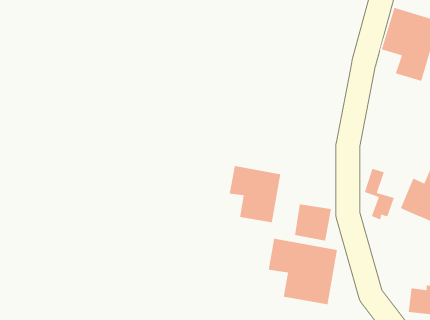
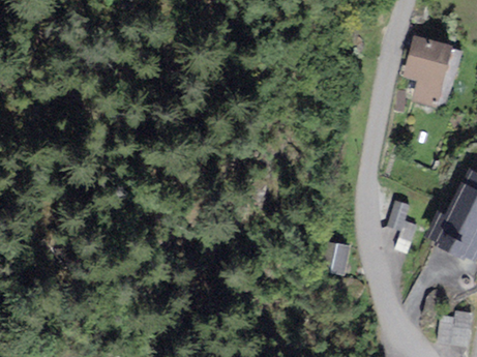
building: [229,165,281,223] -> none
building: [268,238,338,305] -> none

